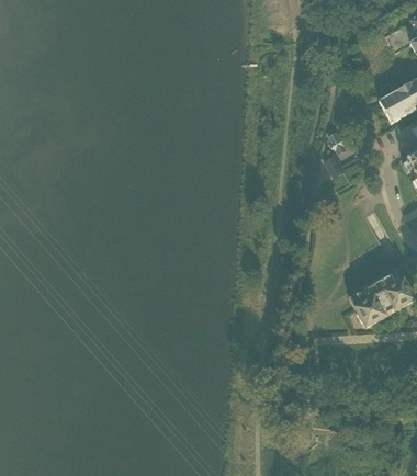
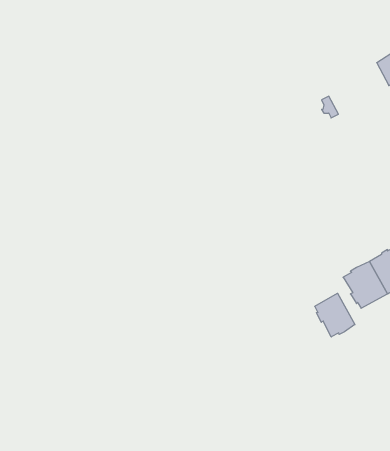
building: none -> [315,293,355,337]

